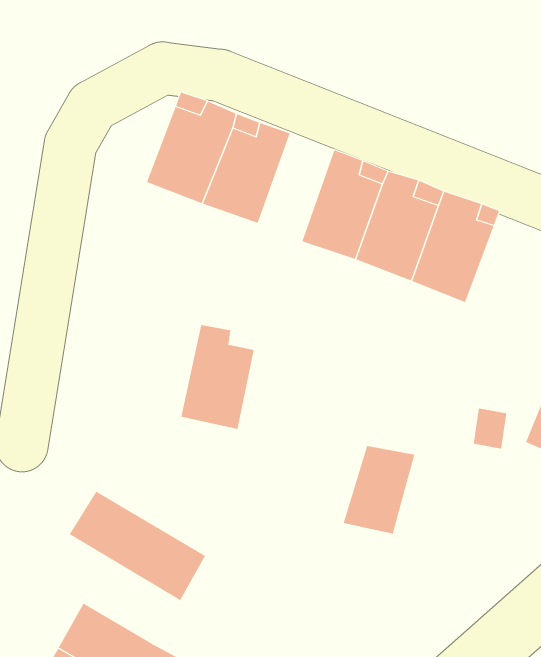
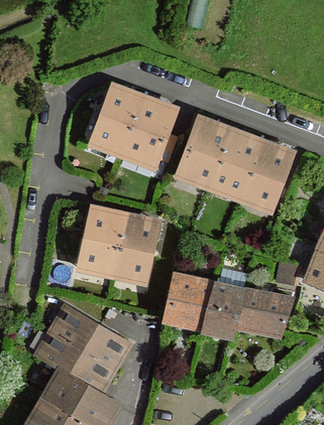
building: none -> [81,211,124,267]
building: none -> [168,274,217,326]
building: none -> [235,288,293,330]
building: none -> [35,332,113,394]

